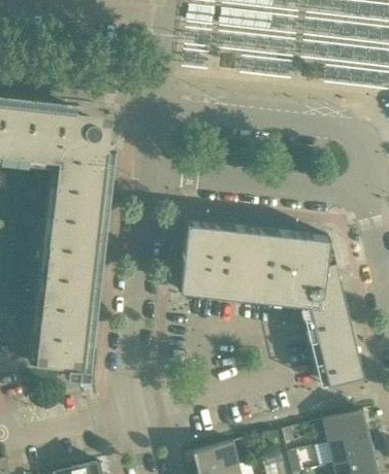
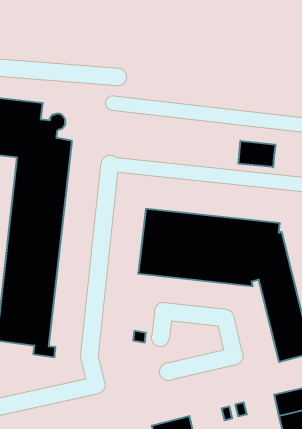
building: none -> [238,141,275,167]

